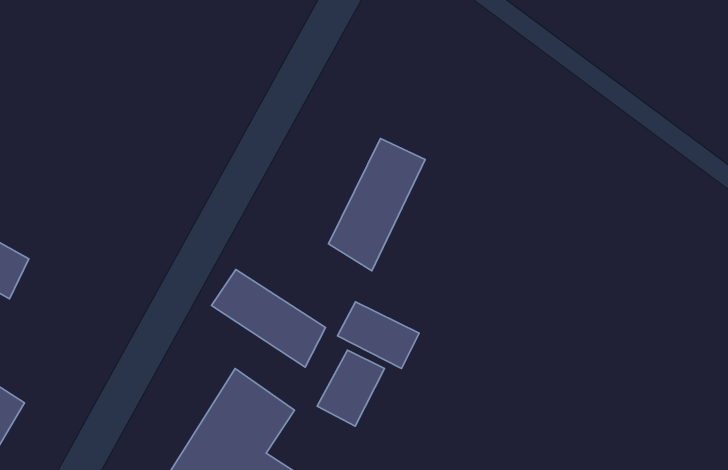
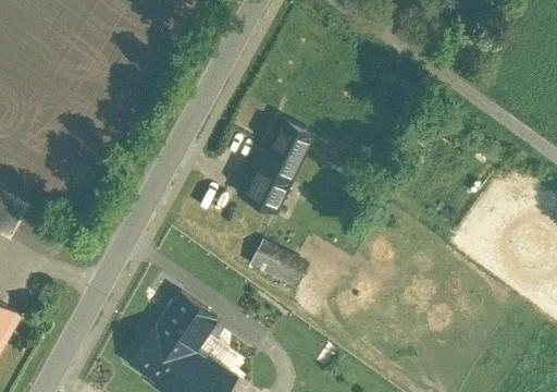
building: [211,269,325,367] -> none
building: [317,350,384,426] -> none

